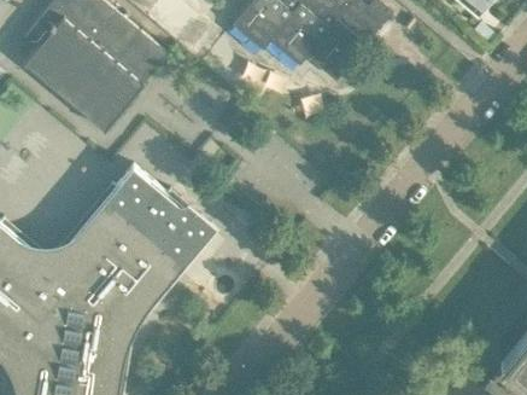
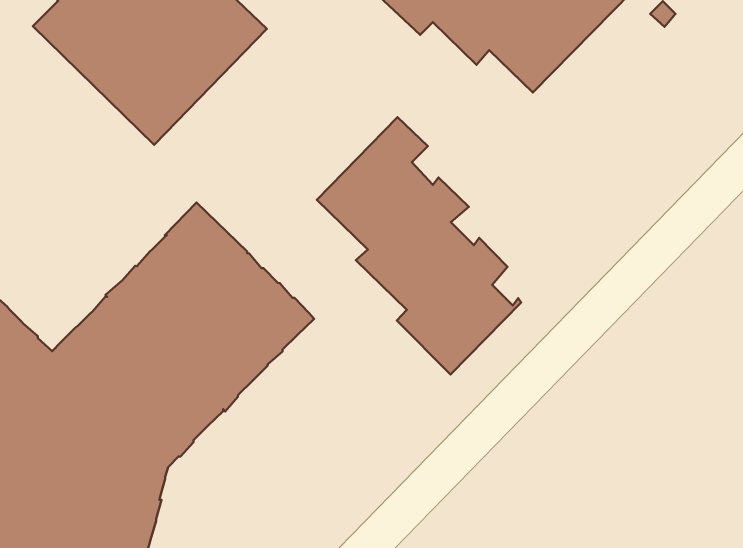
building: none -> [317,117,521,374]

